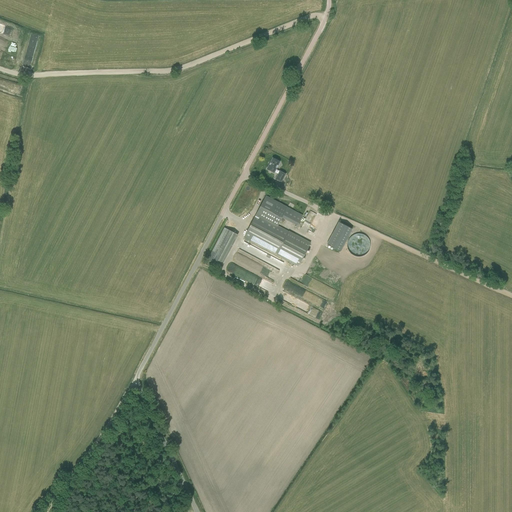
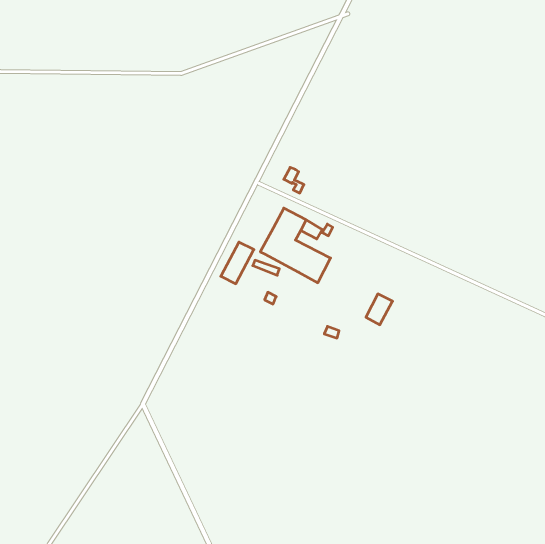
building: [327,221,352,250] -> [366,294,393,325]

